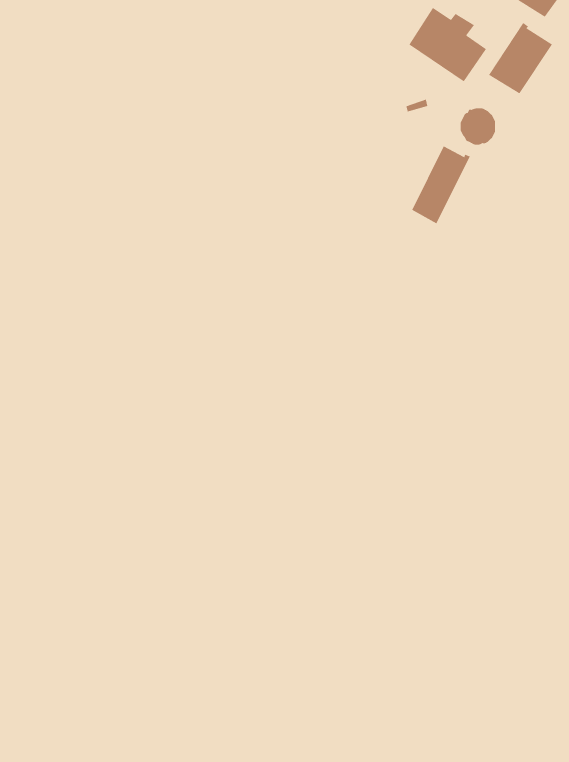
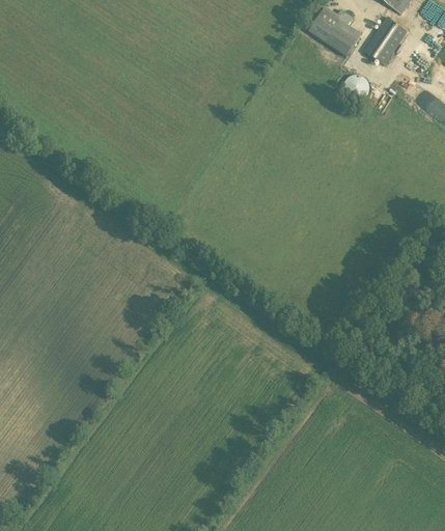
building: [411,146,470,224] -> none

